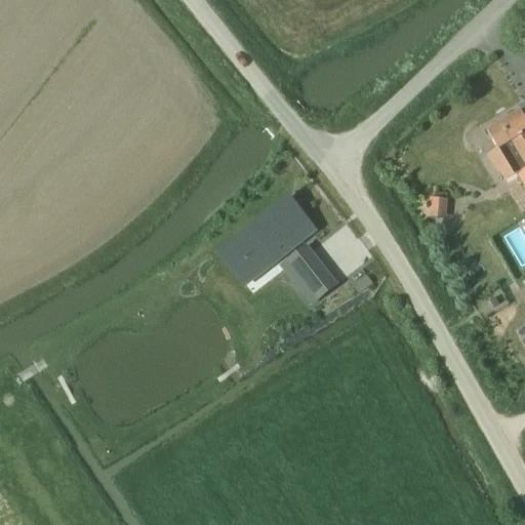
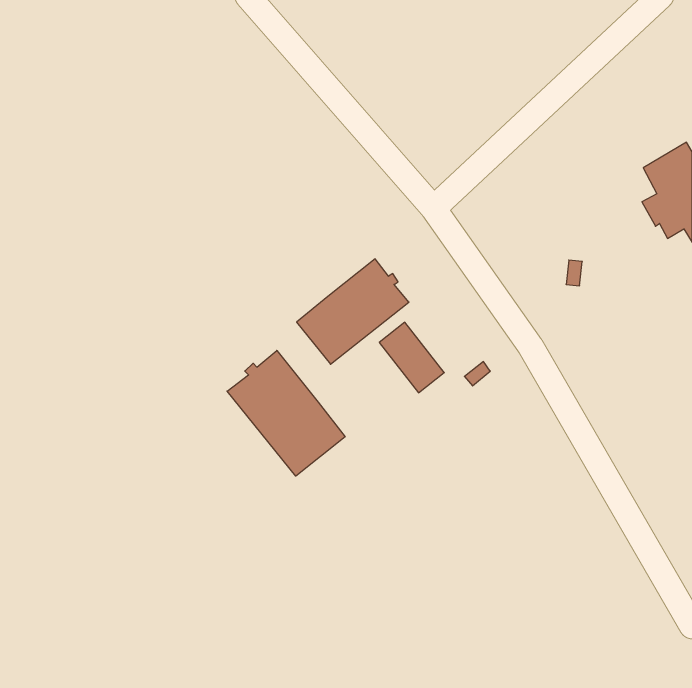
building: none -> [227,350,345,476]

